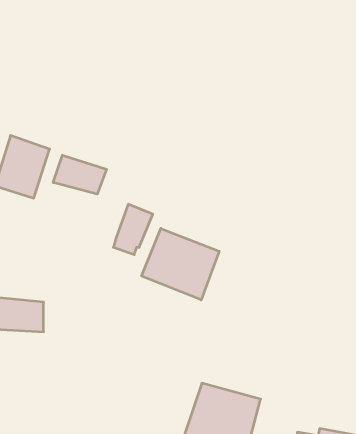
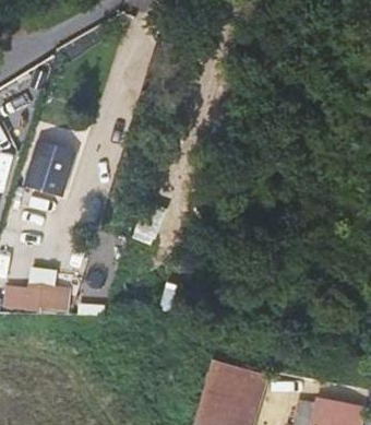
building: [53,155,107,194] -> none
building: [142,228,219,300] -> none

